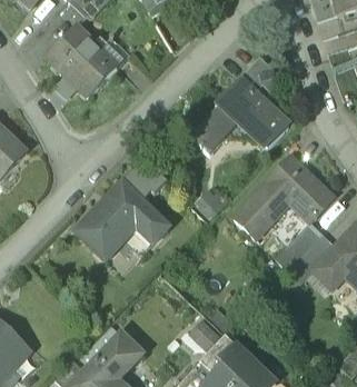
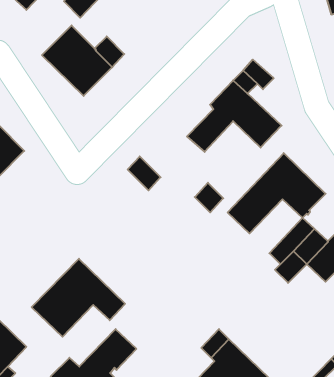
building: [73,181,168,260] -> [32,259,125,337]
building: [188,315,225,351] -> none

